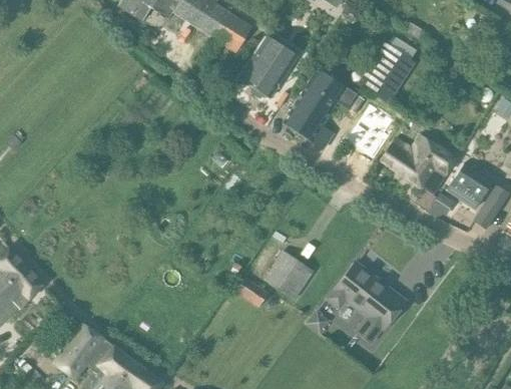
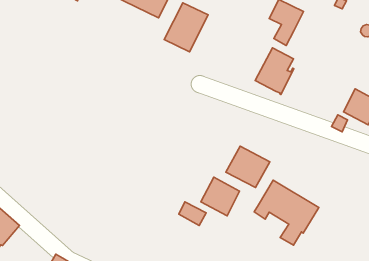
building: [282,69,357,148] -> none
building: [380,135,456,196] -> none
building: none -> [226,146,270,188]

